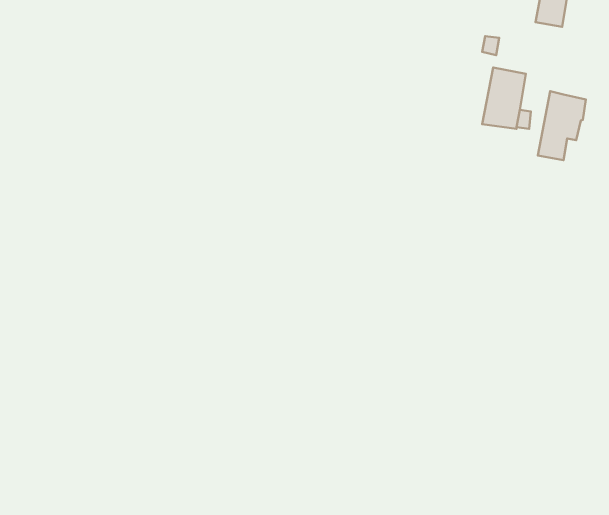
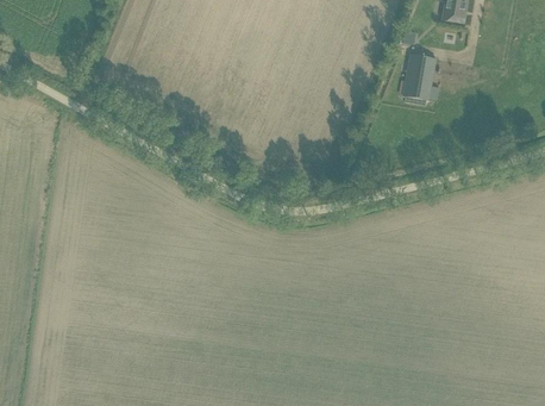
building: [538,91,586,160] -> none

